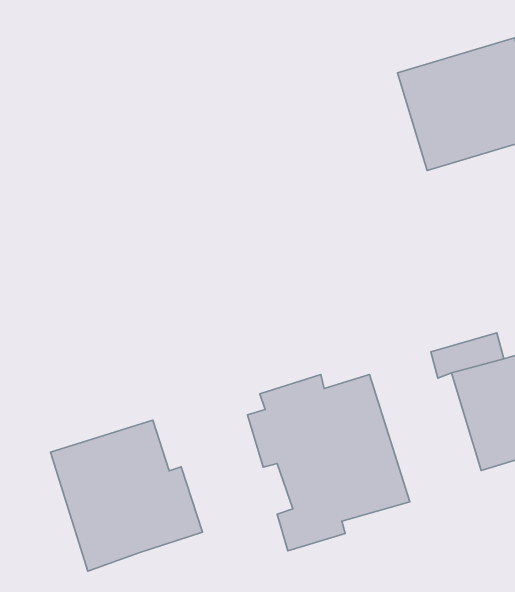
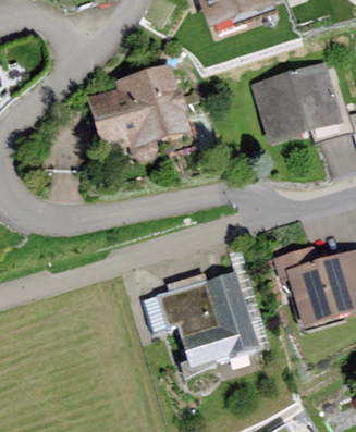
building: none -> [85,63,191,161]
building: [51,420,202,571] -> none

